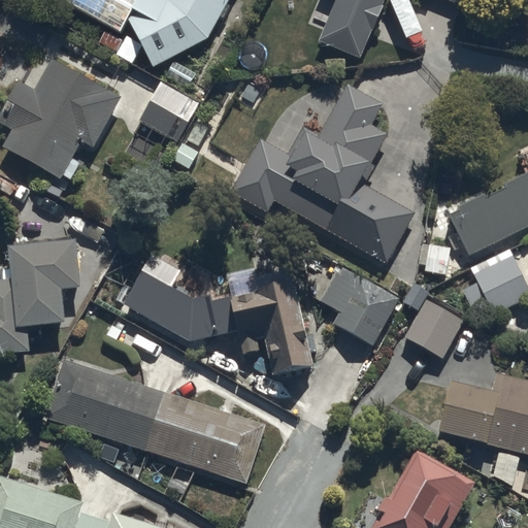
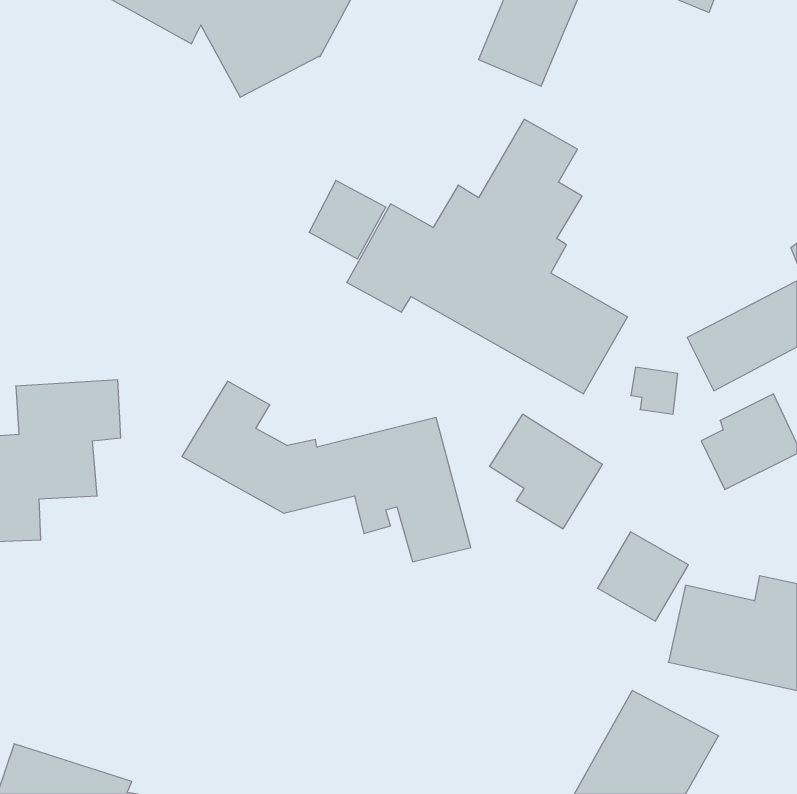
building: [4,61,125,176] -> none
building: [148,88,199,139] -> [309,180,386,259]
building: [401,295,461,354] -> [597,532,688,621]
building: [51,366,257,481] -> none

